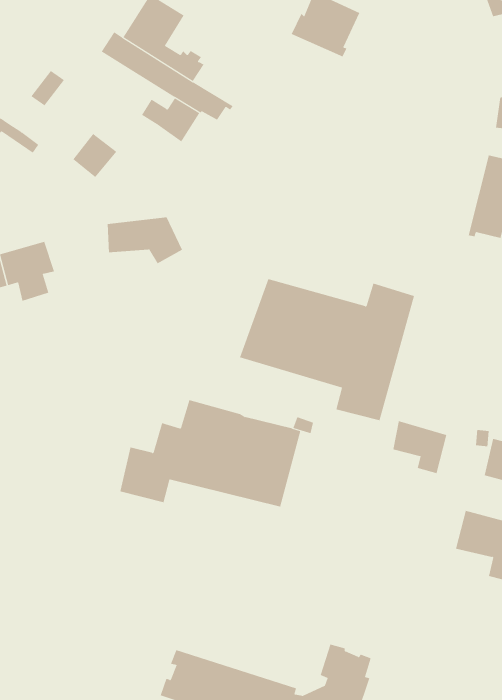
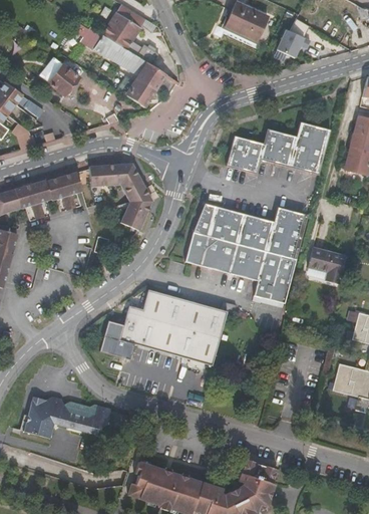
building: none -> [275,31,309,59]
building: [73,133,117,178] -> [48,64,79,95]
building: none -> [225,116,329,175]
building: none -> [48,168,83,210]
building: none -> [121,183,152,227]
building: [393,421,447,474] -> [308,247,346,284]
building: none -> [24,396,112,437]

